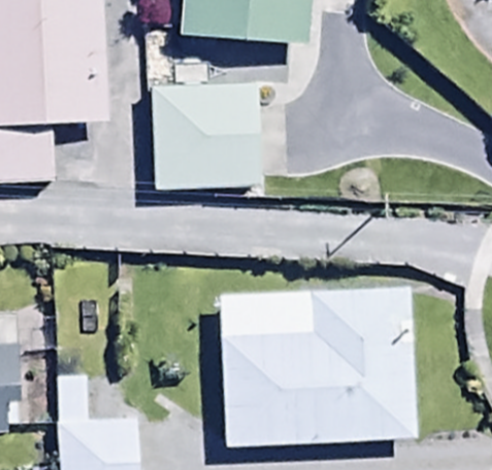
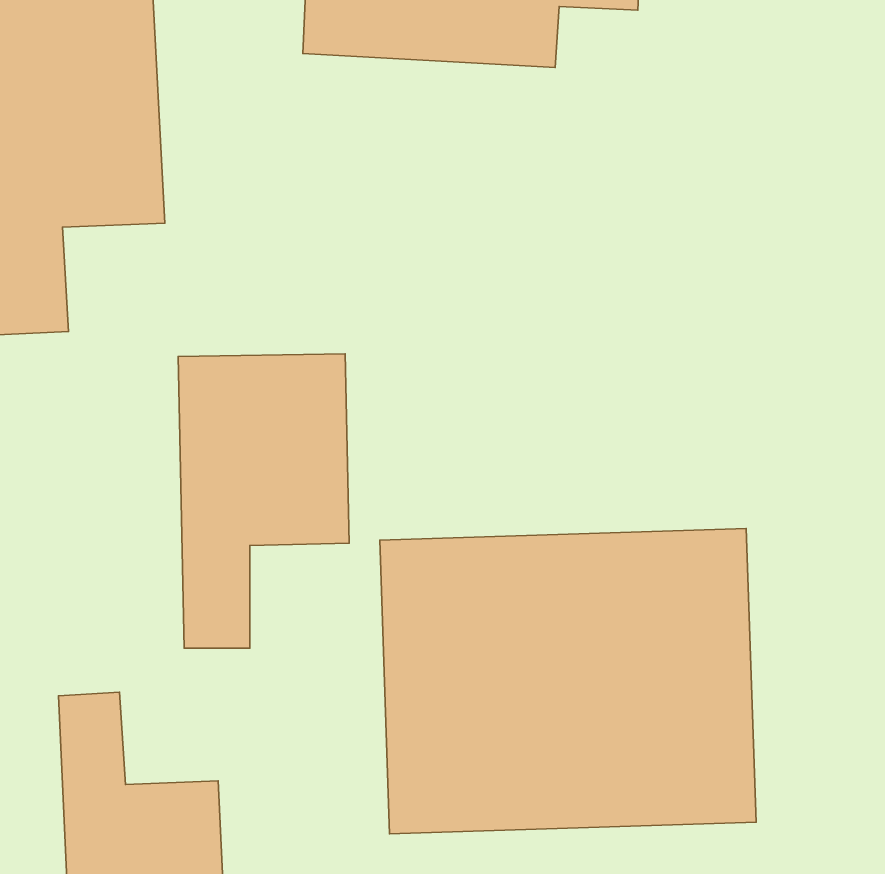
building: [152,83,284,190] -> none
building: none -> [178,354,349,648]

